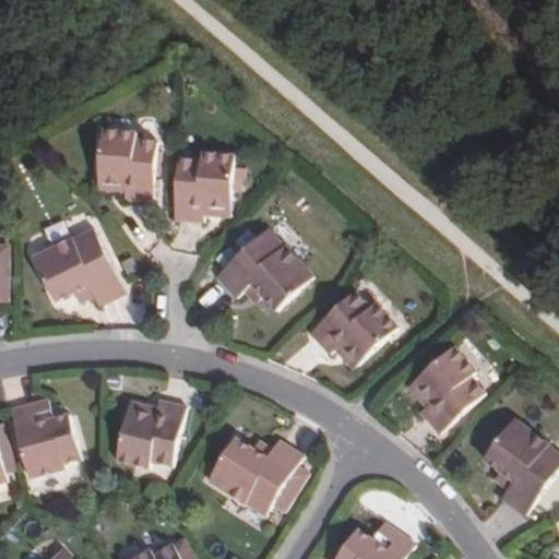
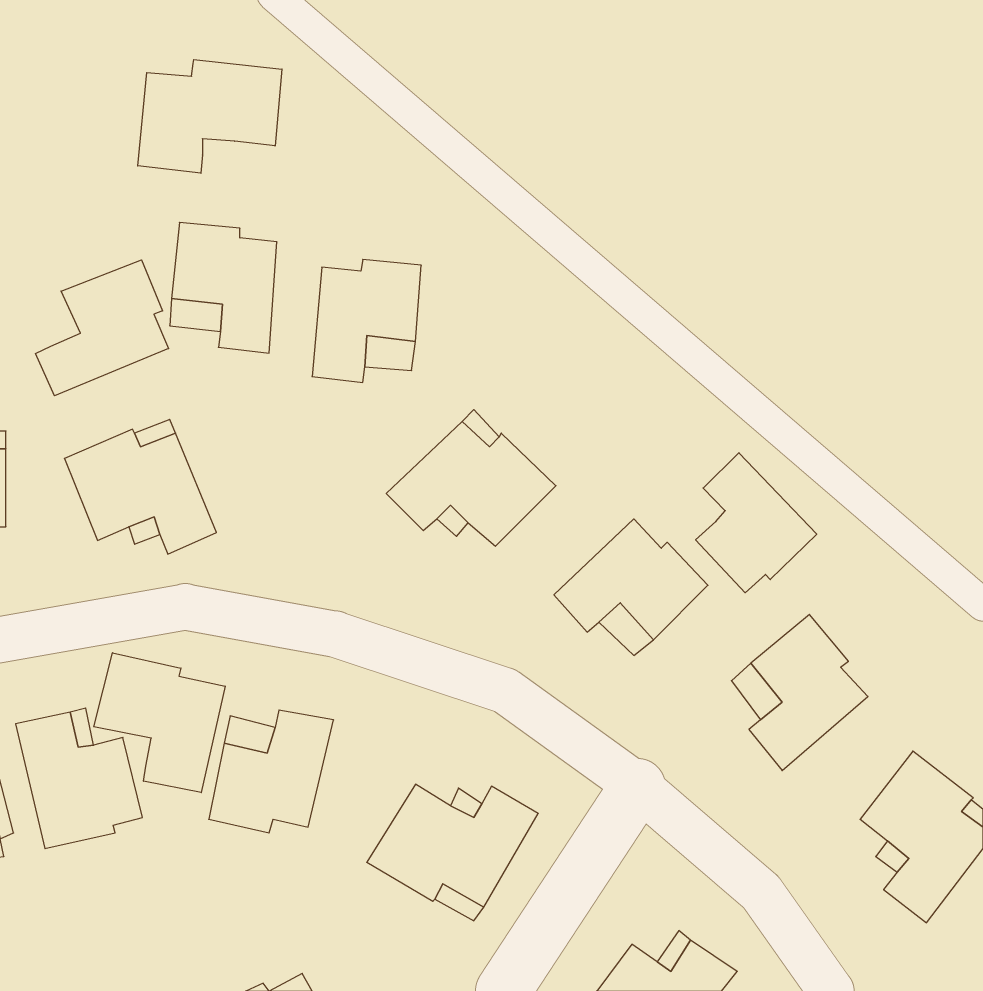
building: none -> [138,60,282,173]
building: none -> [35,260,169,396]
building: none -> [696,453,817,593]
building: none -> [94,653,225,793]

